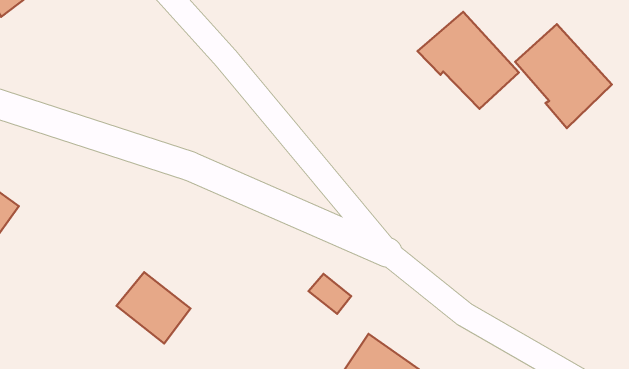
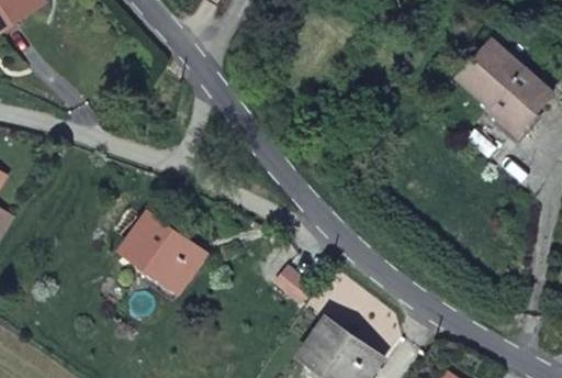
building: [417,12,519,109] -> none
building: [117,272,191,344] -> [132,212,196,275]

